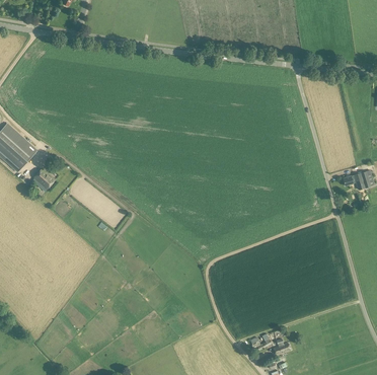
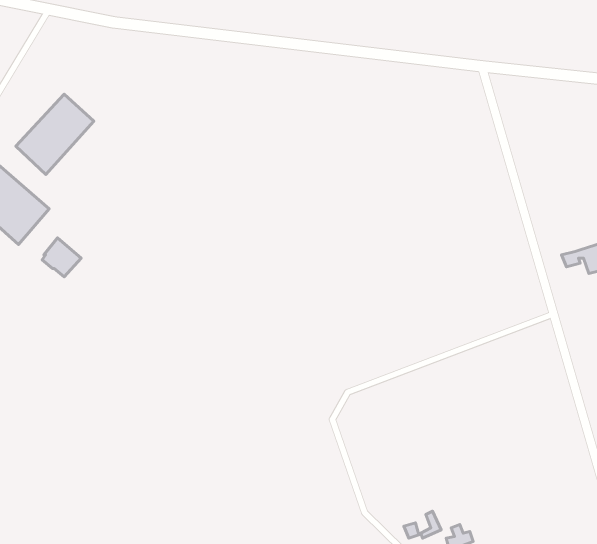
building: none -> [16,94,94,175]

